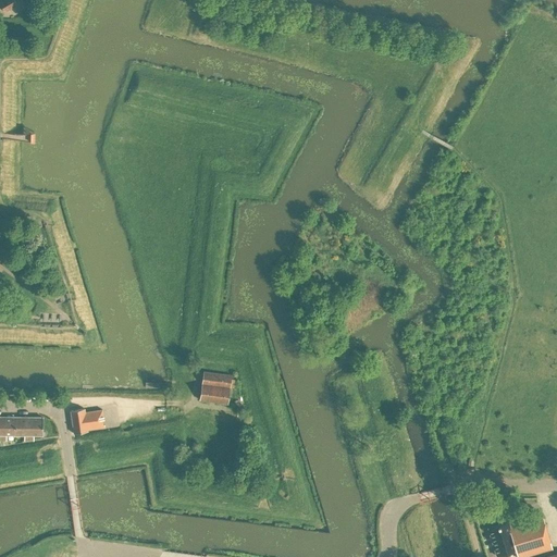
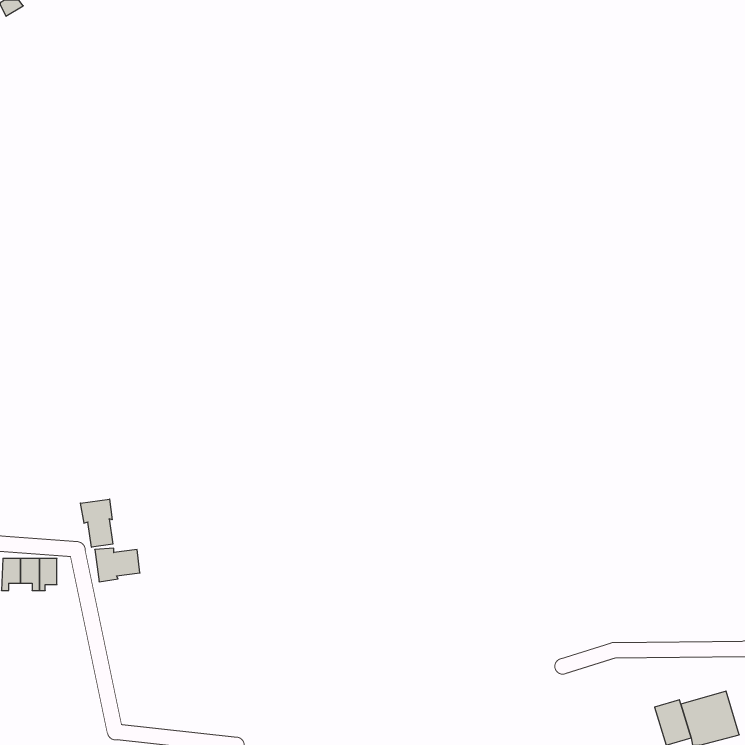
building: [199,372,232,404] -> none
building: none -> [80,499,113,547]

